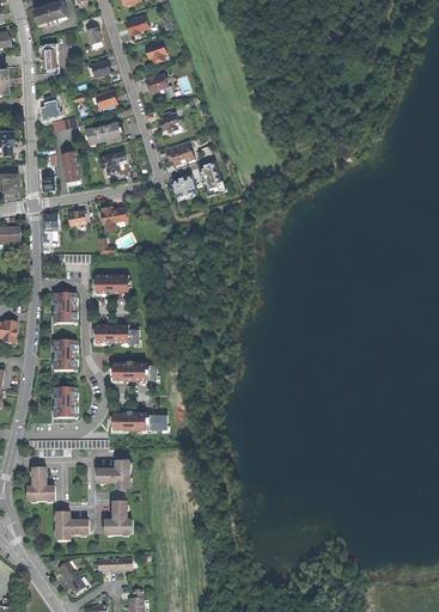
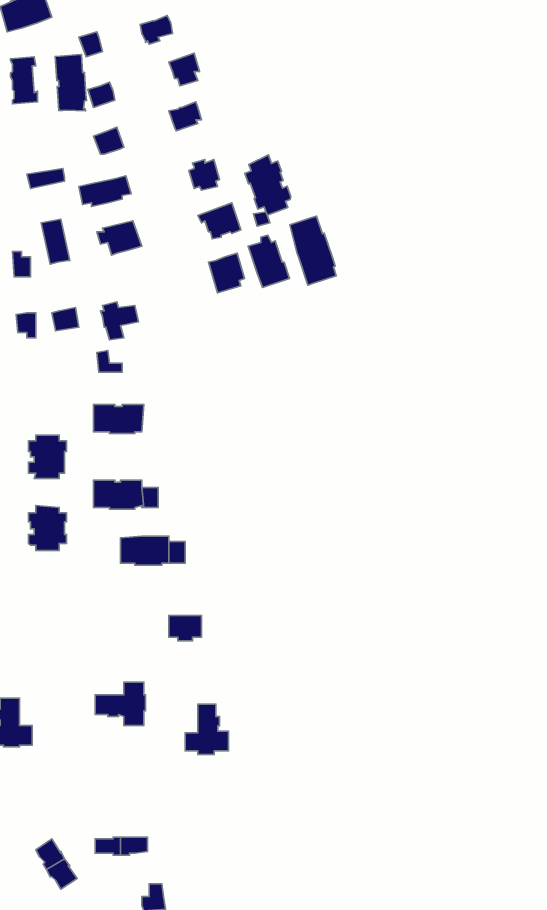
building: none -> [55,55,86,111]
building: none -> [245,155,291,215]
building: none -> [290,216,336,285]
building: [53,388,78,417] -> none
building: [114,411,146,430] -> none
building: [104,502,133,536] -> [185,704,228,754]
building: [55,513,89,540] -> none

